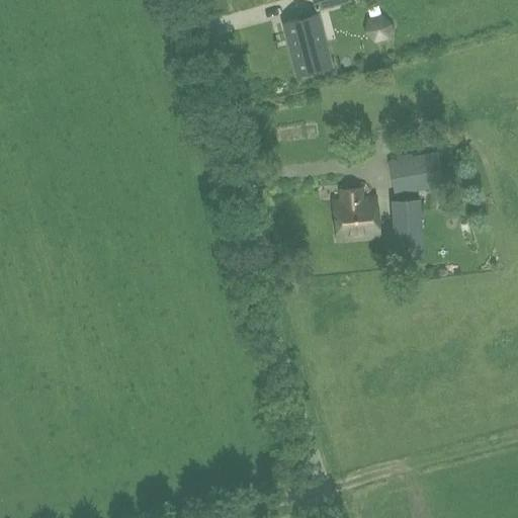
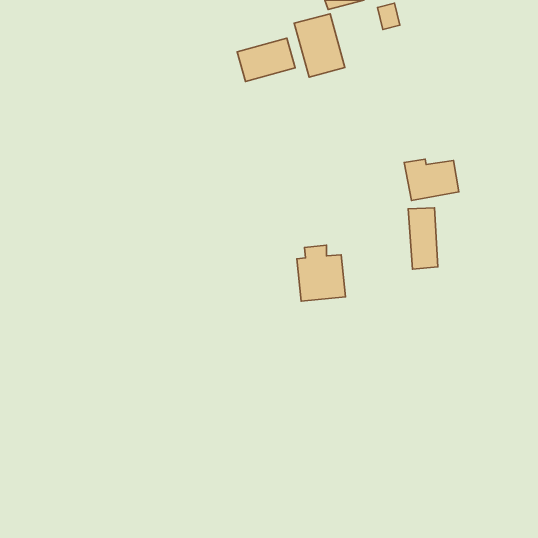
building: none -> [237,38,295,81]
building: [333,188,379,242] -> [297,245,345,301]

